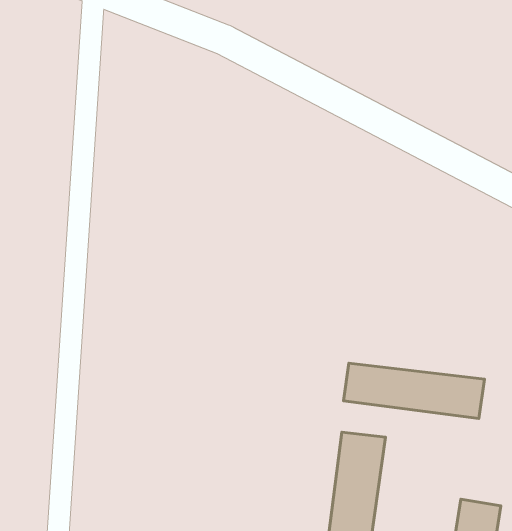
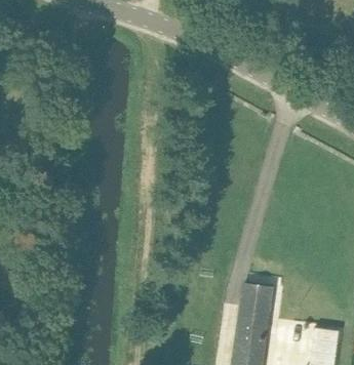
building: [343,363,485,418] -> none

